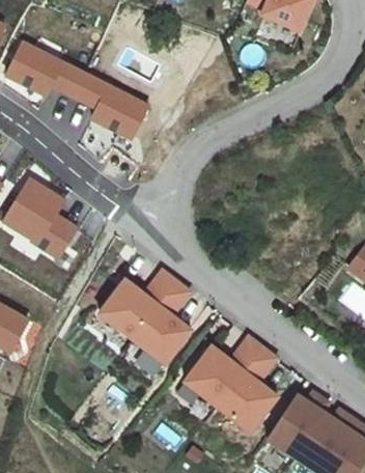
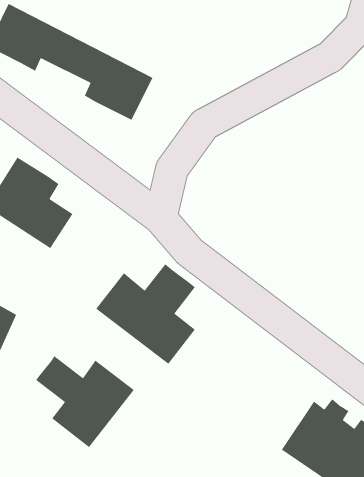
building: [188,342,279,435] -> none
building: none -> [35,355,135,448]

